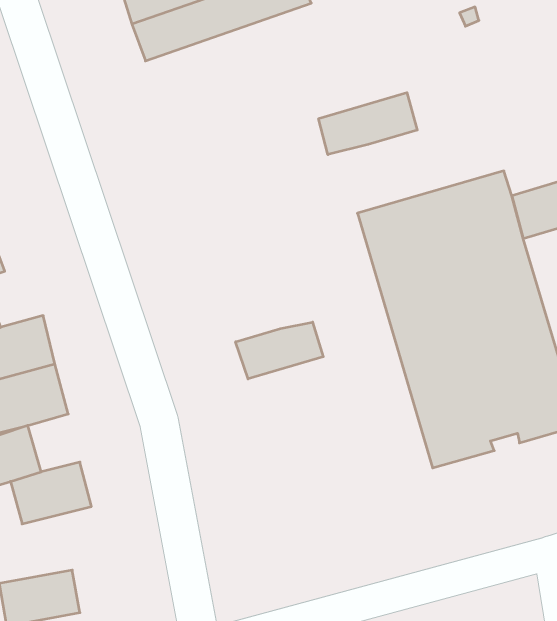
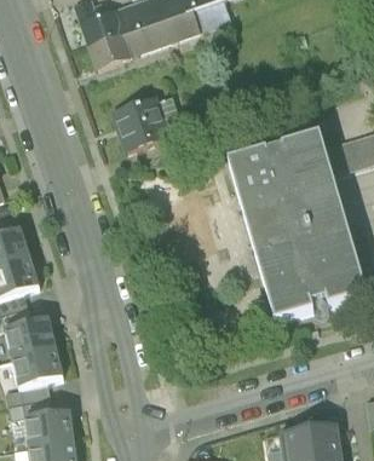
building: [319,93,417,155] -> none
building: none -> [114,100,166,154]
building: [236,322,323,379] -> none
building: none -> [18,346,68,385]

